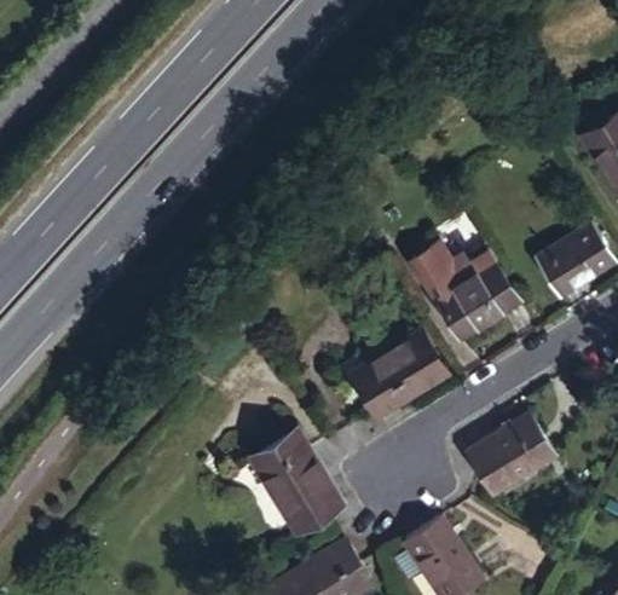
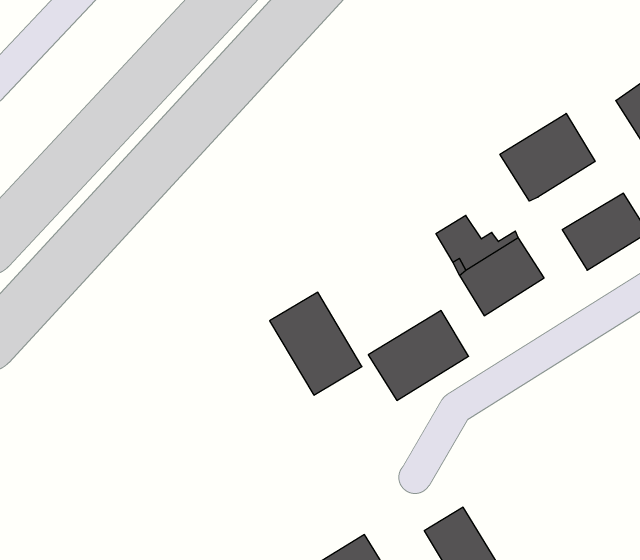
building: none -> [500,113,595,201]
building: [470,415,556,493] -> none
building: [253,435,339,531] -> [270,292,362,395]

